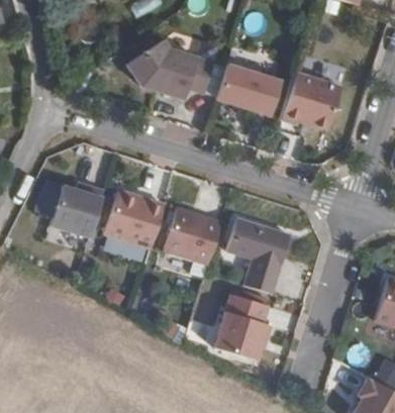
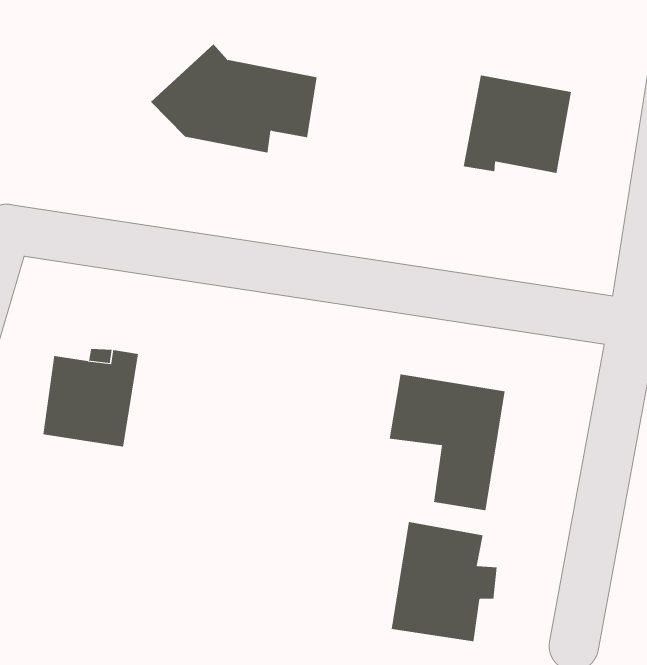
building: [215,62,281,113] -> none
building: [101,190,162,247] -> none
building: [161,208,218,264] -> none

